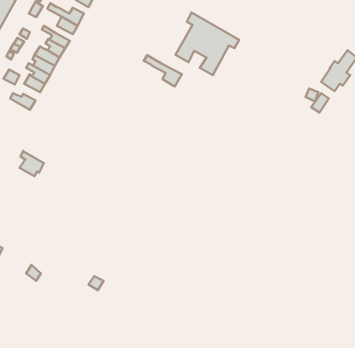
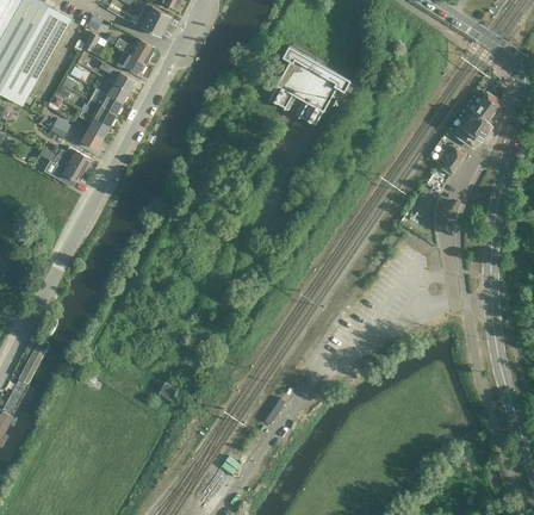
building: [144,55,182,87] -> none
building: [19,151,44,176] -> [51,154,82,186]

